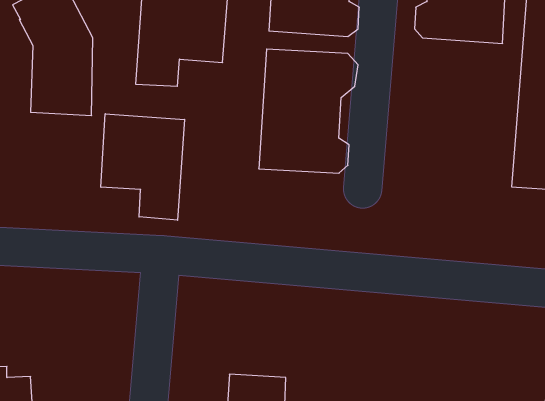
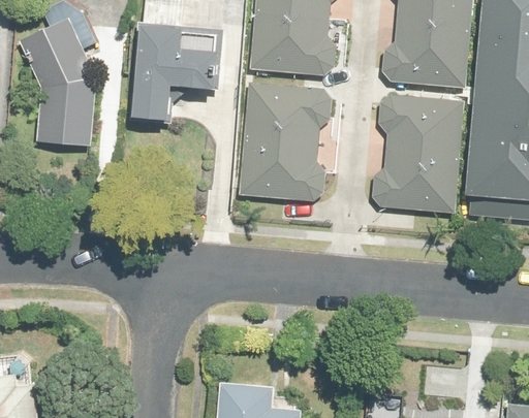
building: none -> [376,97,464,212]
building: [101,114,185,220] -> none

